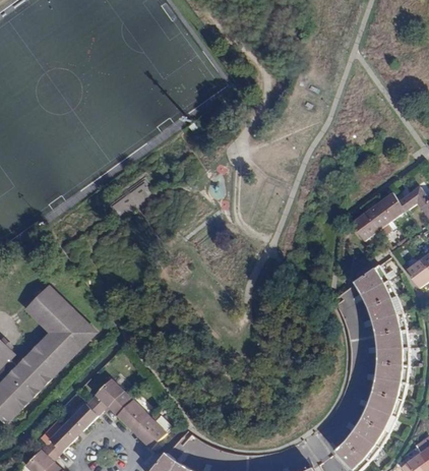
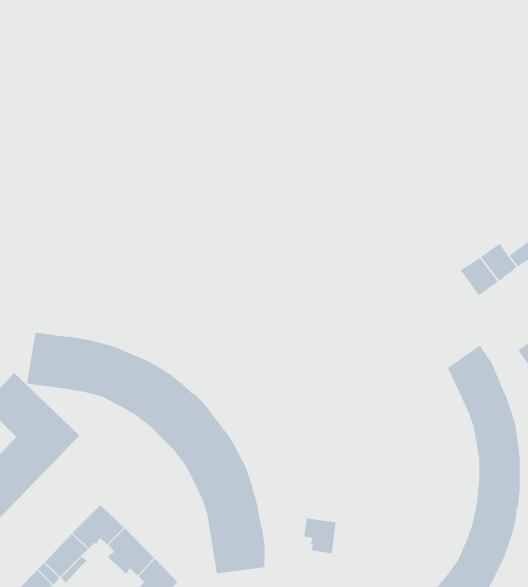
building: [351,213,377,241] -> none
building: none -> [27,332,265,574]
building: none -> [304,518,336,554]

